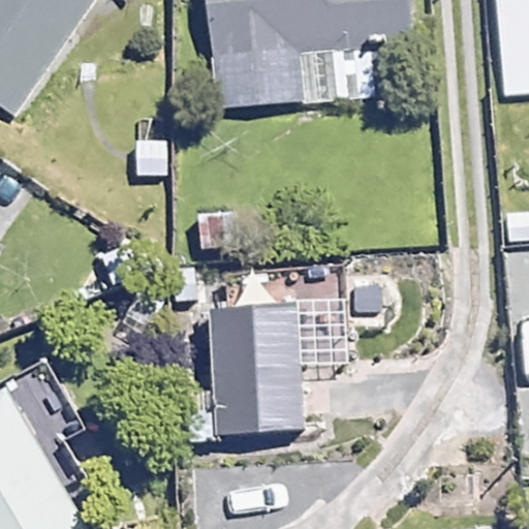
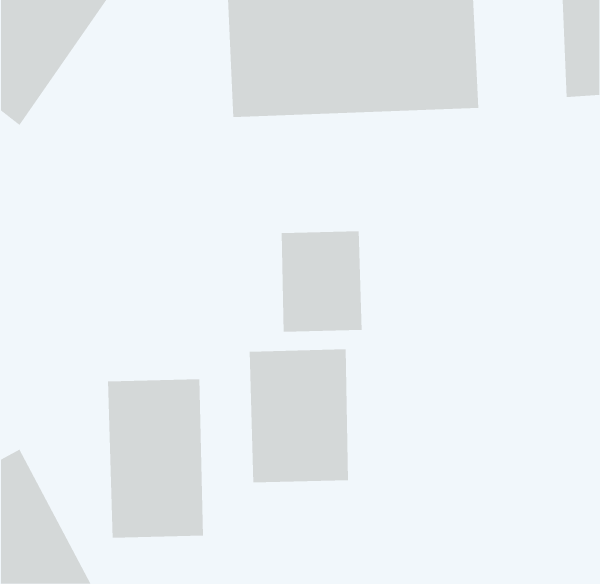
building: none -> [281,231,362,333]
building: none -> [108,379,203,538]

